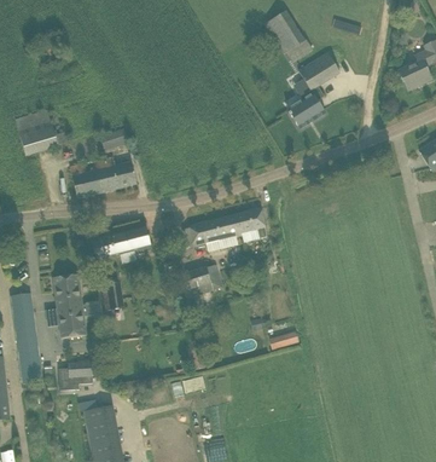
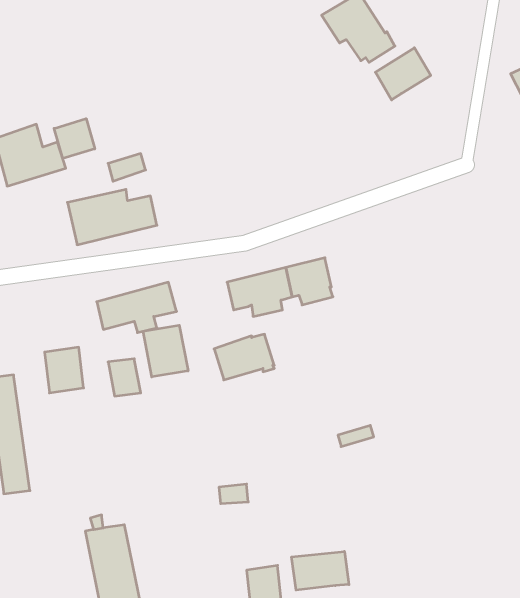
building: [286,85,326,129] -> none
building: none -> [54,119,95,159]
building: none -> [143,325,188,377]
building: [57,304,86,336] -> none
building: [58,359,92,389] -> none
building: none -> [292,551,349,590]

